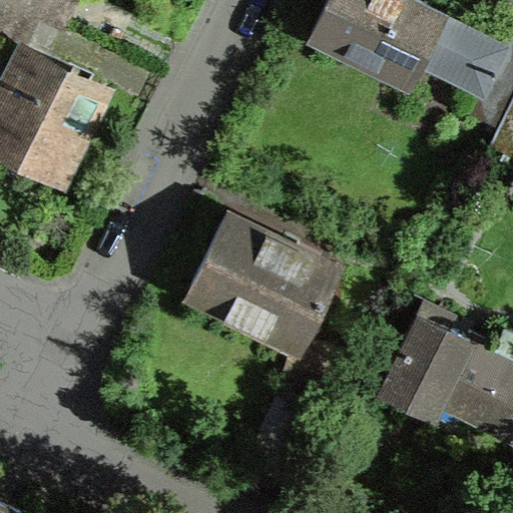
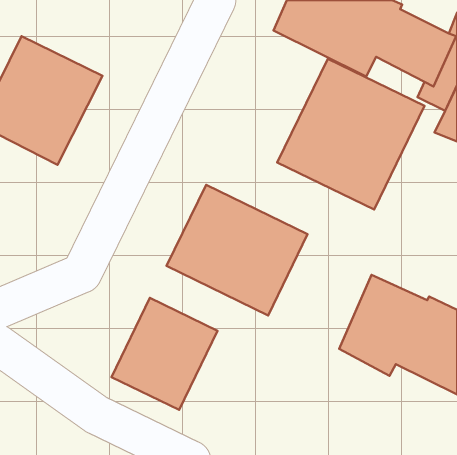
building: none -> [277,59,424,209]
building: none -> [112,298,218,410]

